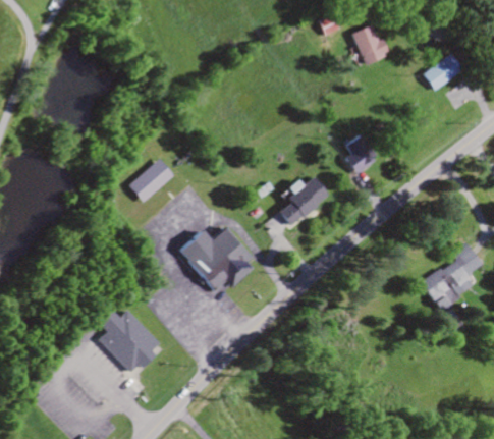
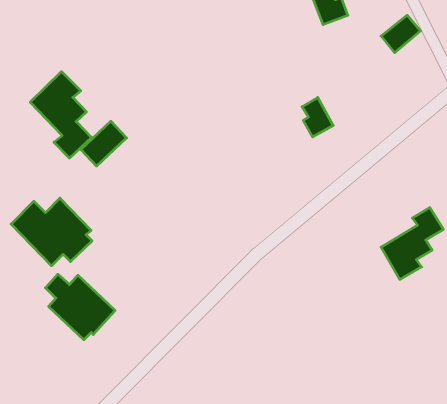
building: none -> [30,72,92,158]
building: [279,177,329,228] -> none
building: [176,226,256,292] -> [11,198,92,266]

